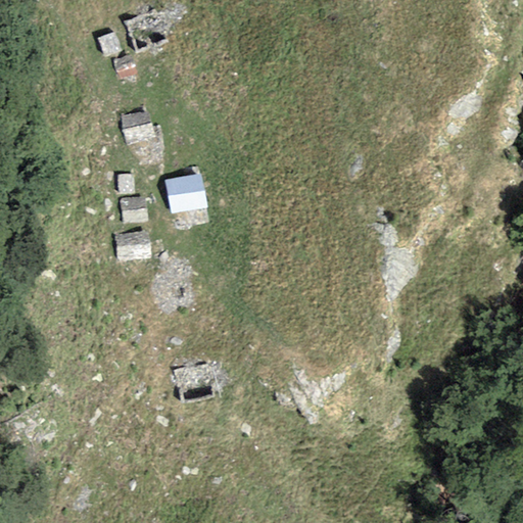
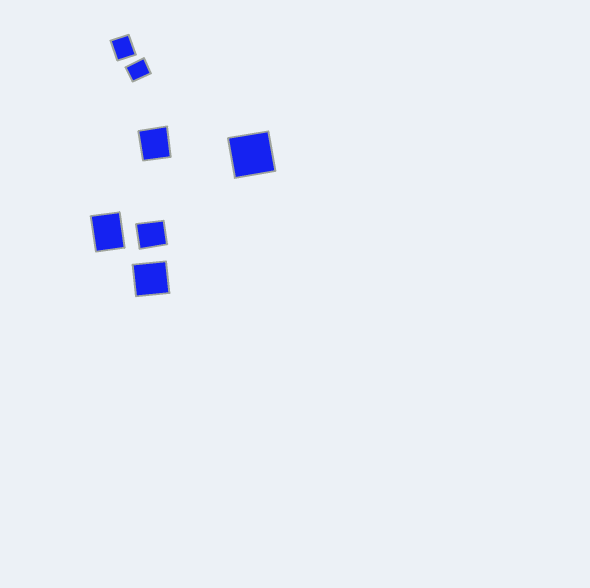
building: [164,173,206,213] -> [228,131,275,178]
building: none -> [91,212,124,252]

